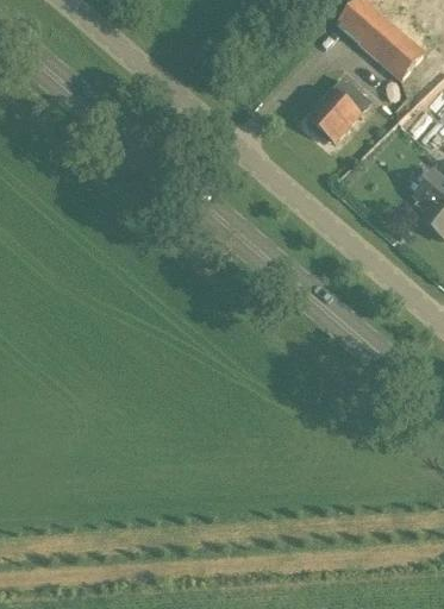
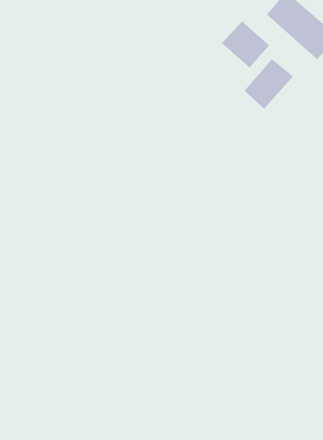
building: none -> [221,21,270,69]

